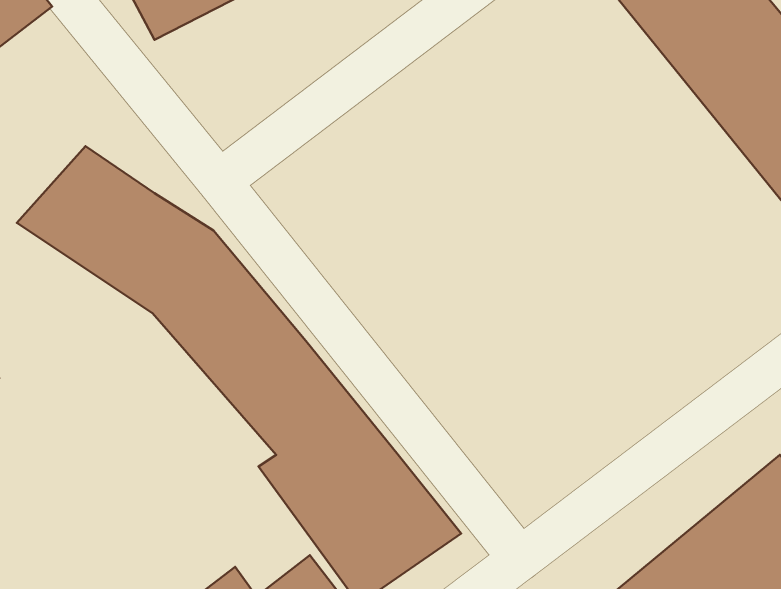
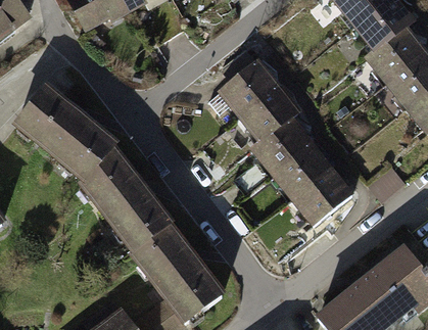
building: none -> [207,60,354,222]

